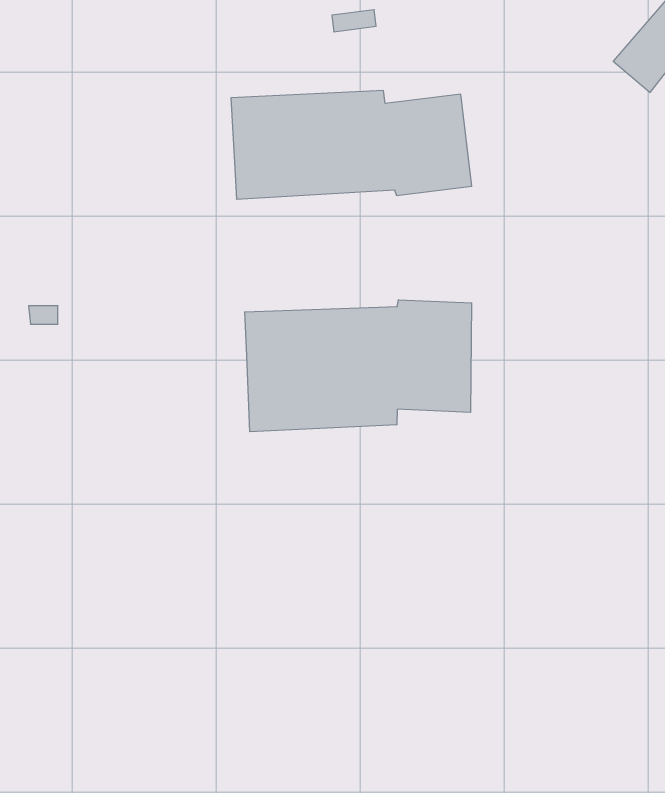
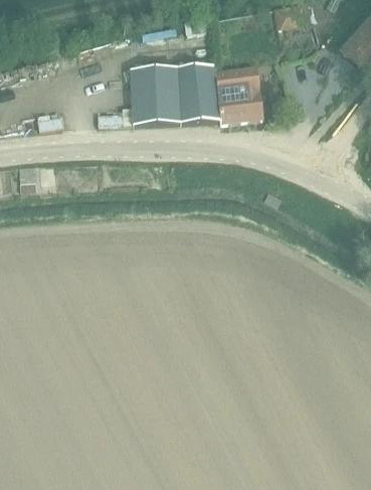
building: [245,300,472,432] -> none

